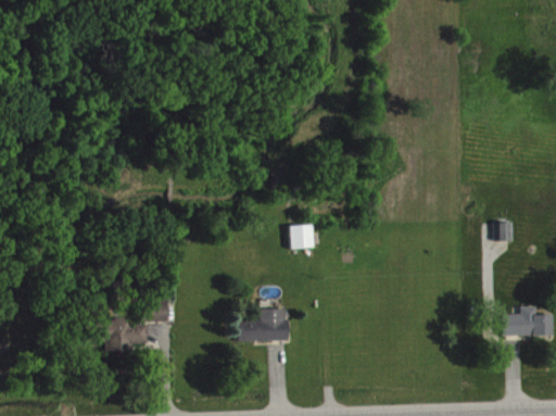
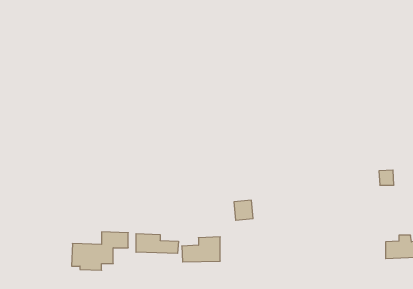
building: [288,224,313,250] -> [234,200,253,220]
building: none -> [136,234,178,253]

